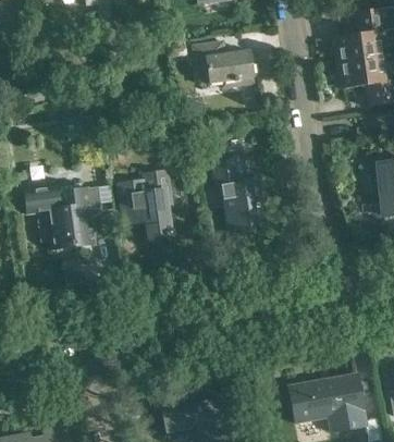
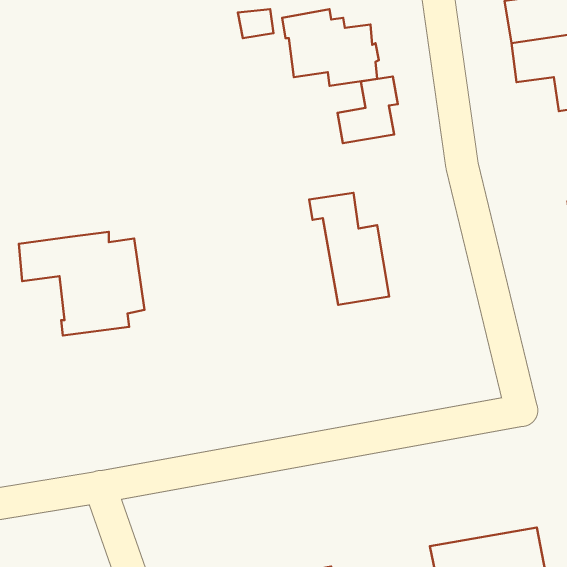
building: none -> [337,76,398,143]
building: [120,171,173,238] -> none

